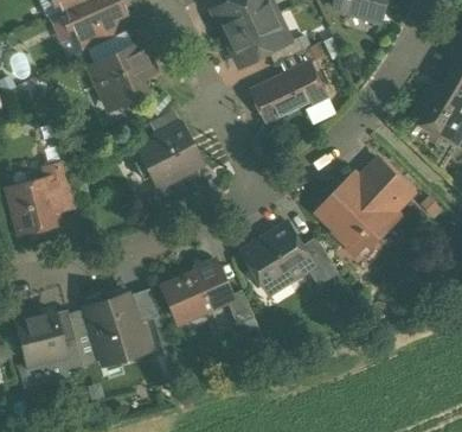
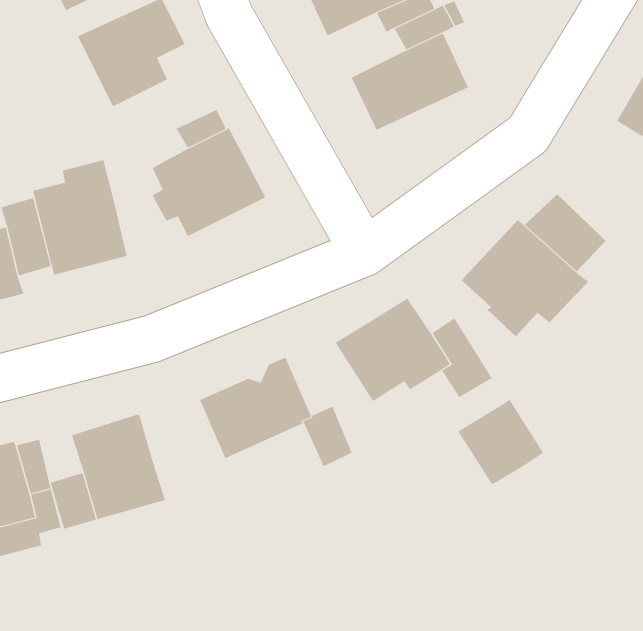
building: none -> [33,159,127,275]
building: none -> [458,399,544,485]
building: [128,288,160,324] -> none

